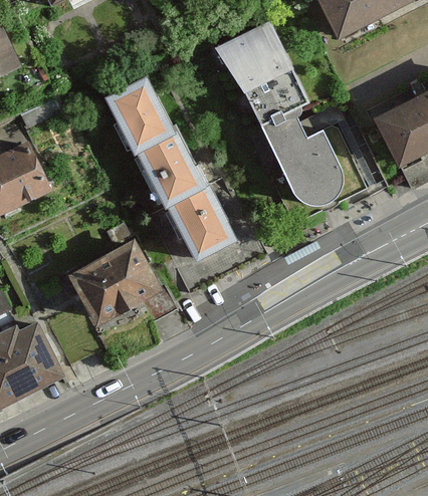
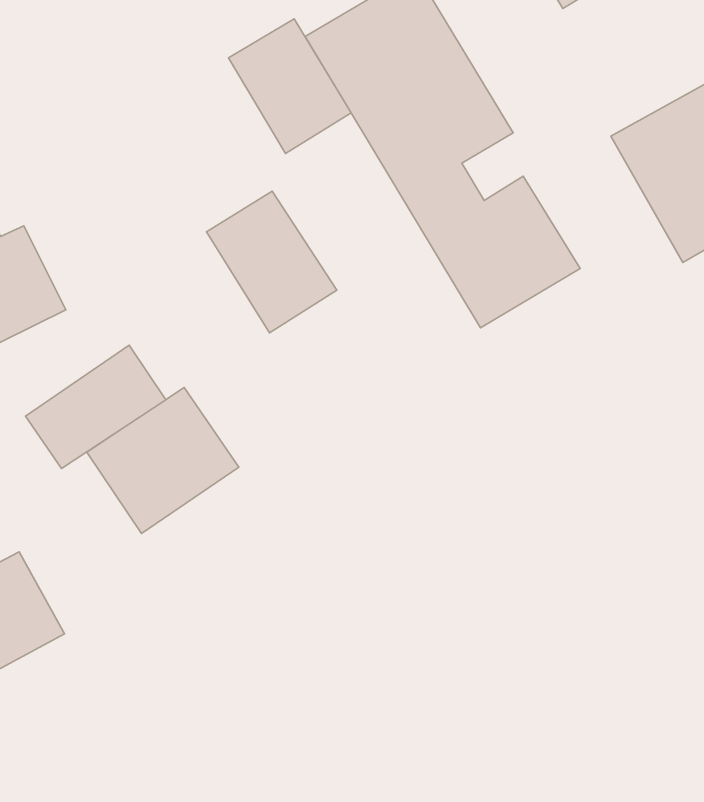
building: [115,80,180,154] -> [228,19,351,154]
building: [174,190,241,261] -> none
building: none -> [25,345,166,469]

